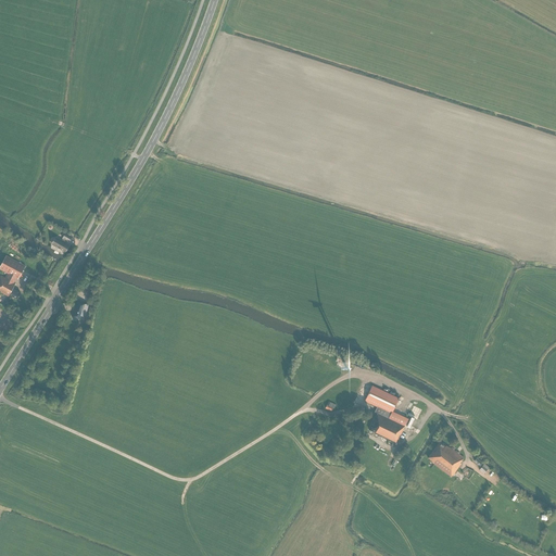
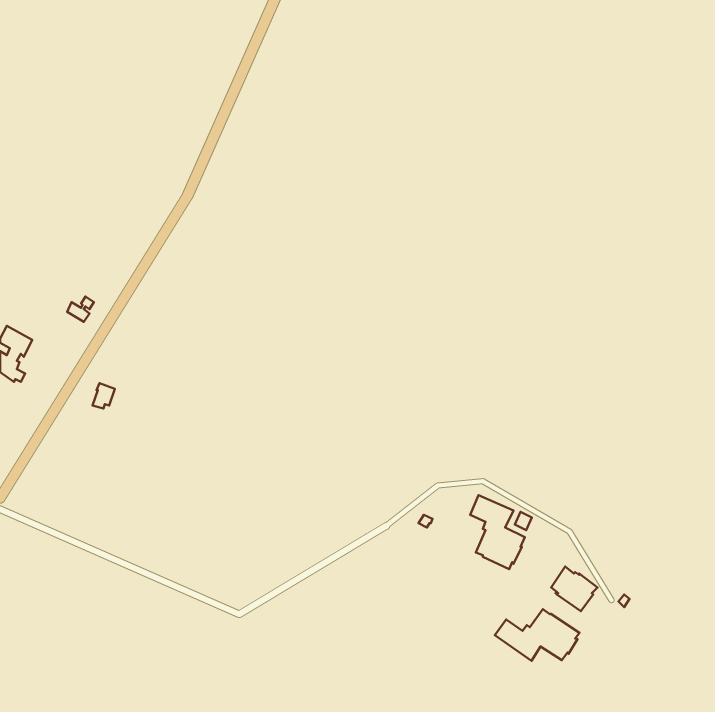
building: none -> [495,609,579,661]

